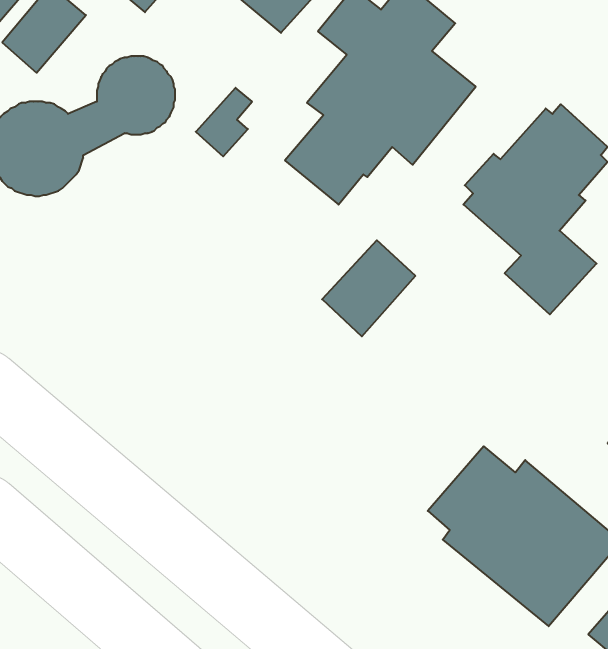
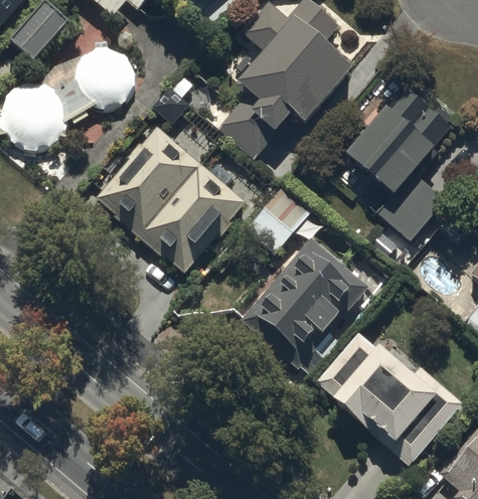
building: none -> [95,124,246,274]
building: none -> [237,235,369,371]

